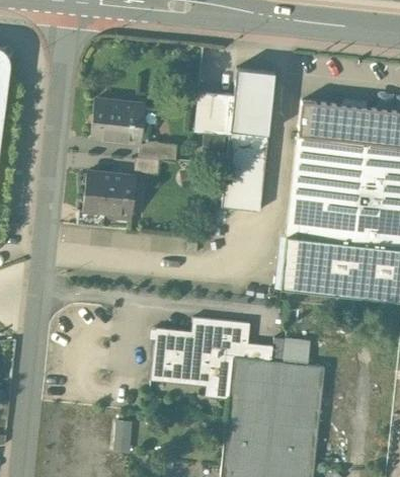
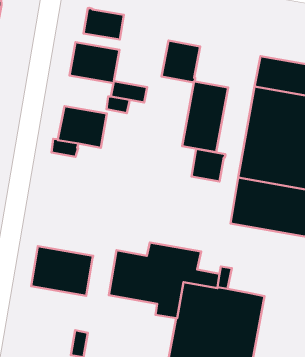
building: none -> [83,8,124,39]
building: [230,67,275,138] -> none
building: none -> [192,149,226,182]
building: none -> [31,246,93,296]
building: [284,338,311,365] -> none

